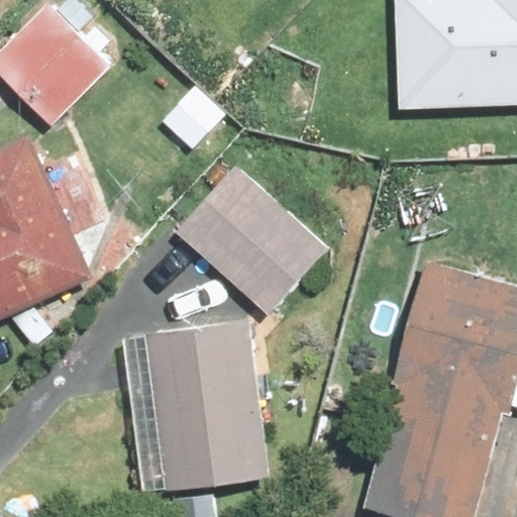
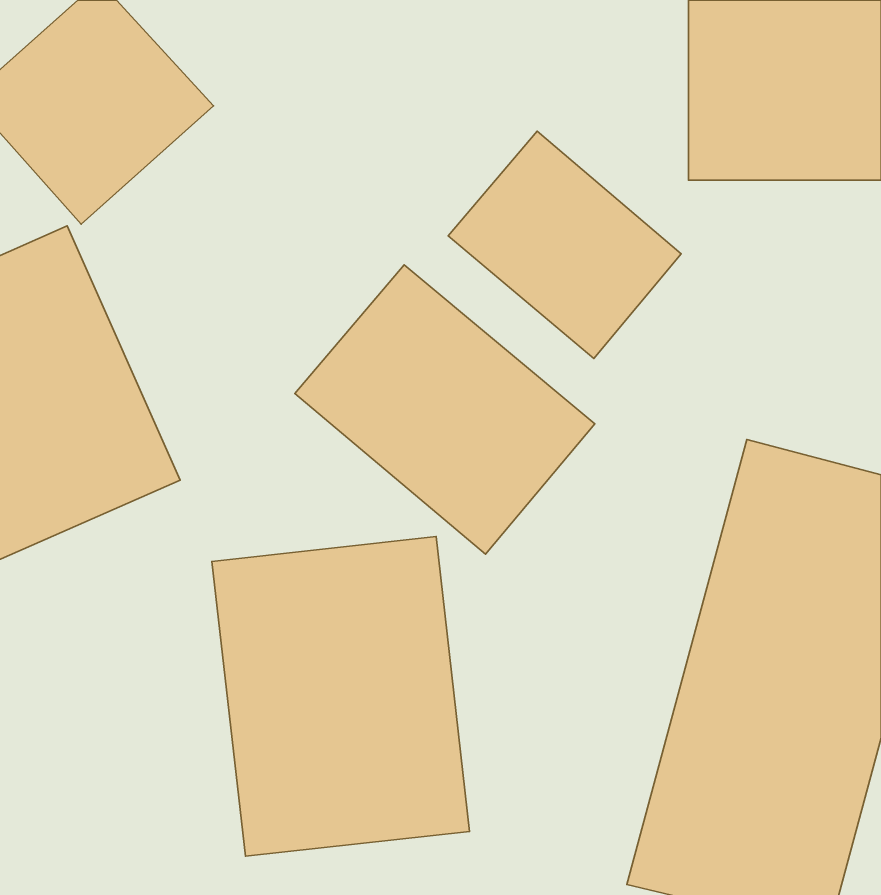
building: none -> [448,131,681,358]

